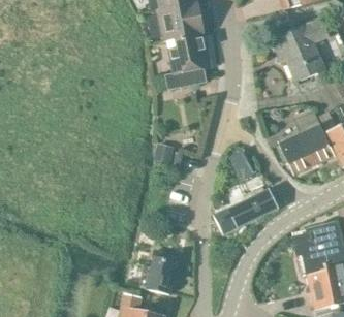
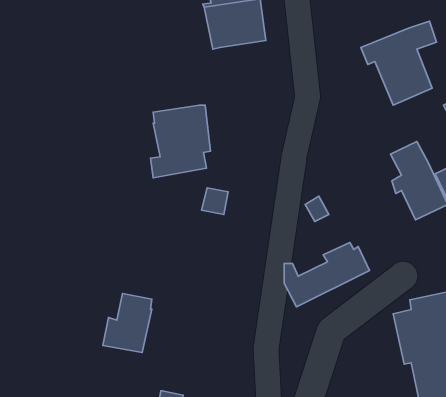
building: [165,35,210,89] -> [150,105,211,178]
building: [280,138,312,175] -> none
building: [139,250,176,293] -> [103,294,152,352]

